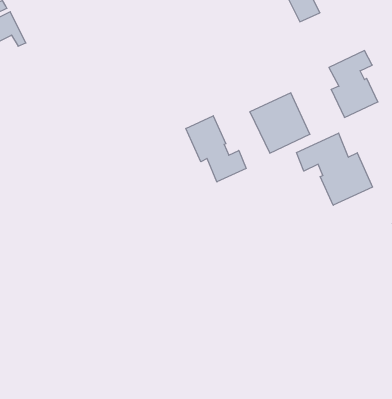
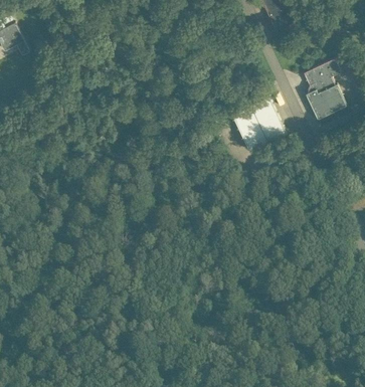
building: [186,116,246,182] -> none
building: [296,133,373,205] -> none

